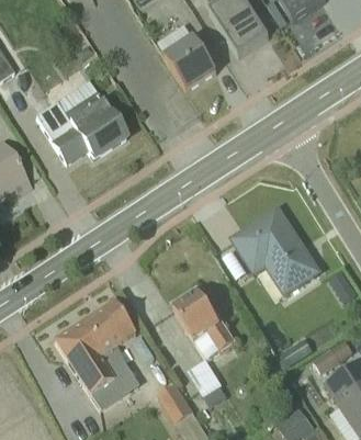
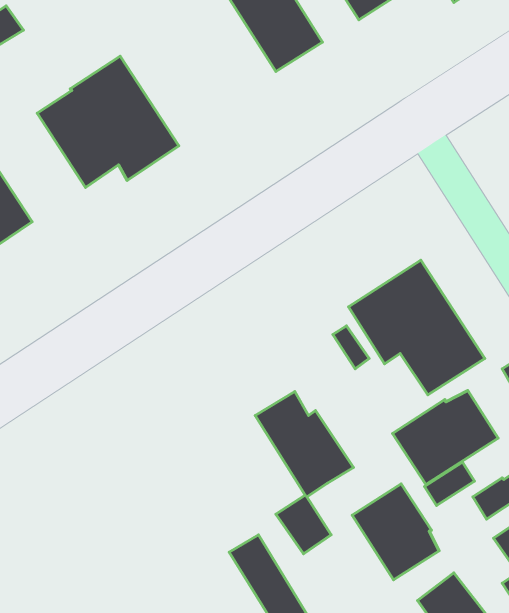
building: none -> [393,390,498,485]
building: [53,298,139,410] -> none
building: none -> [352,484,439,580]

